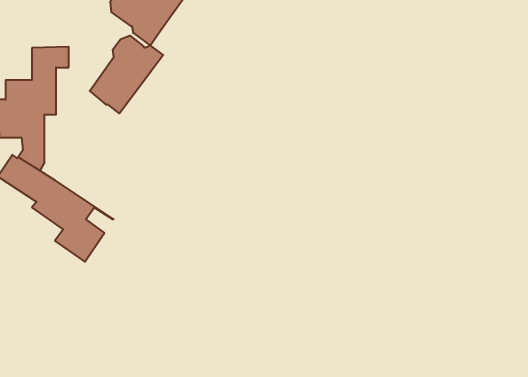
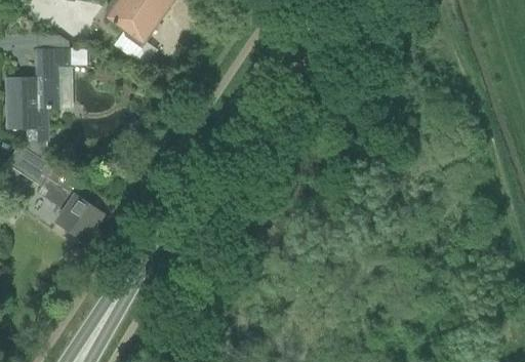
building: [90,36,163,113] -> none

